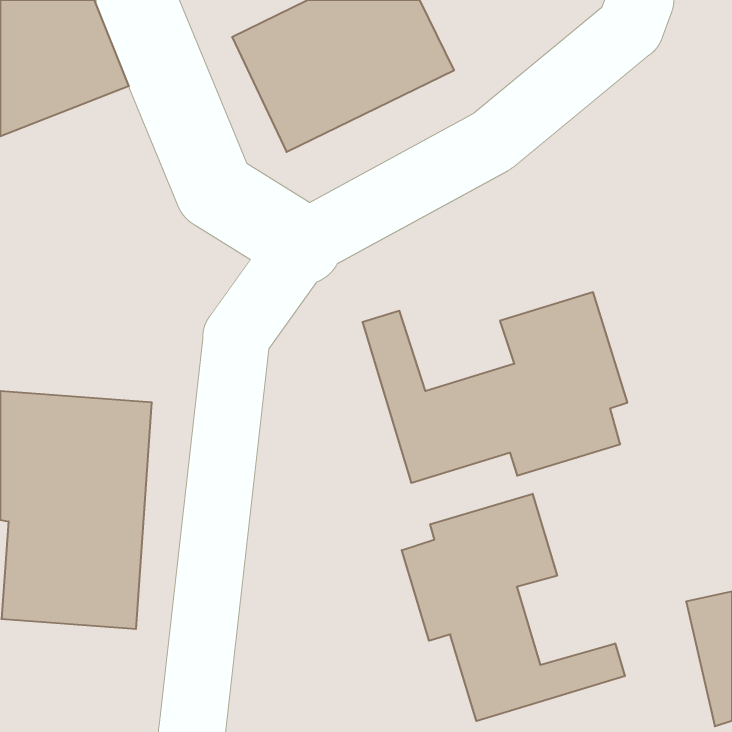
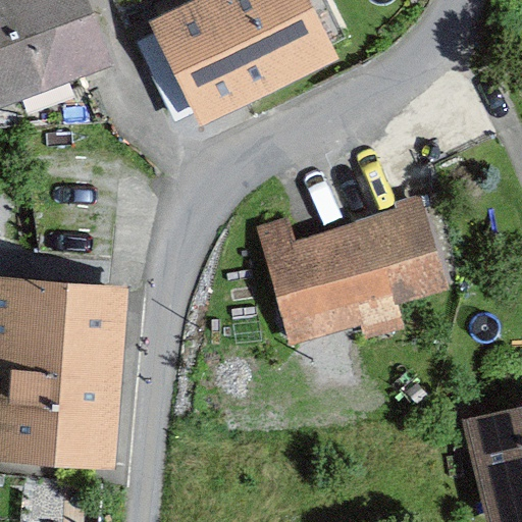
building: [402,494,625,721] -> none

